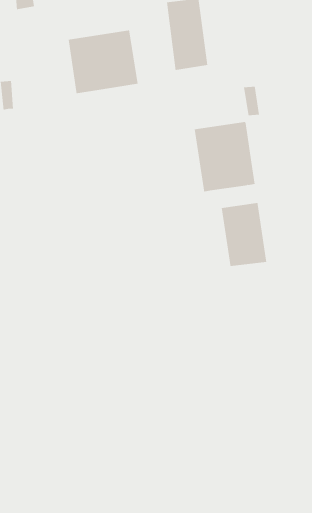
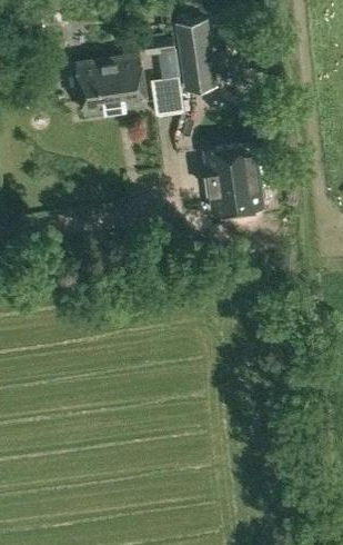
building: none -> [142,39,183,117]
building: [221,202,267,267] -> none

